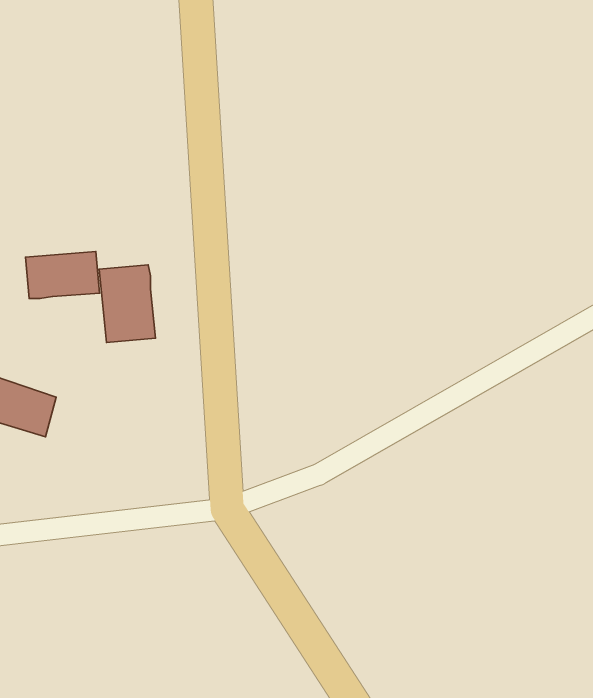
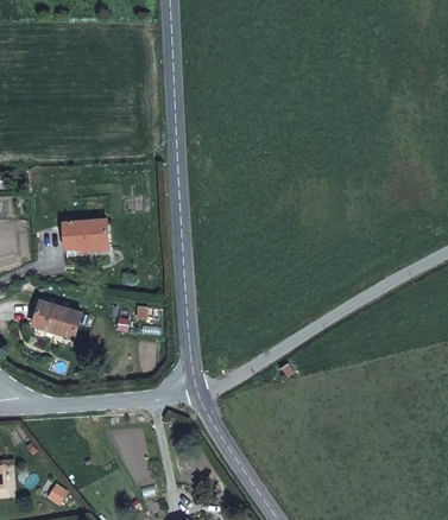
building: [99,265,155,342] -> none

